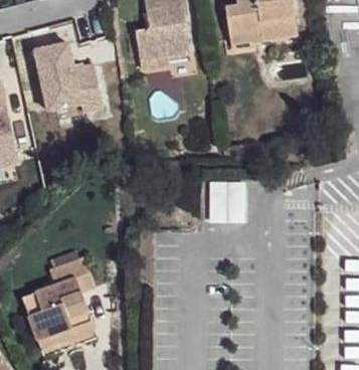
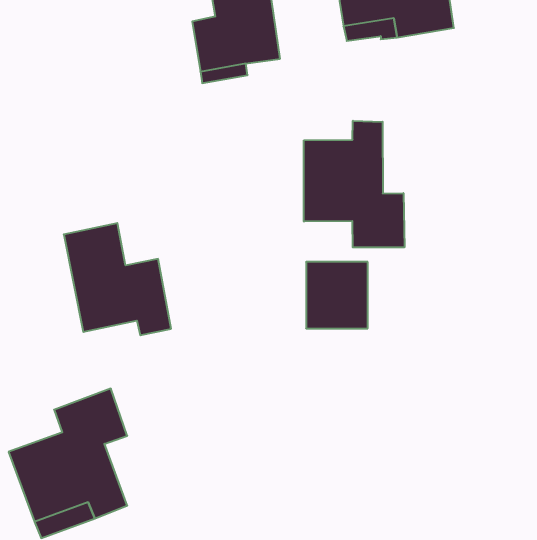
building: [34,45,101,115] -> [64,223,171,335]
building: none -> [304,121,404,247]

